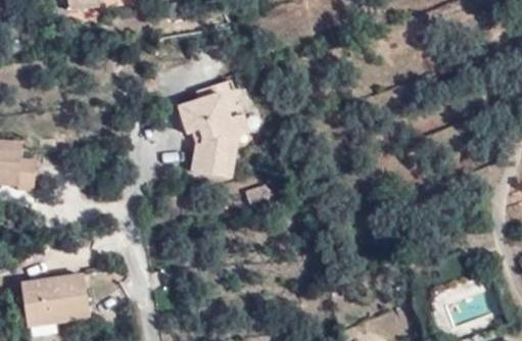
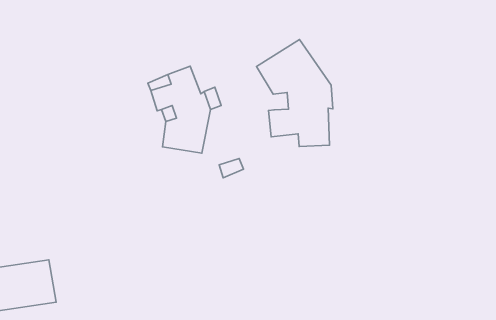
building: none -> [257,40,333,147]

